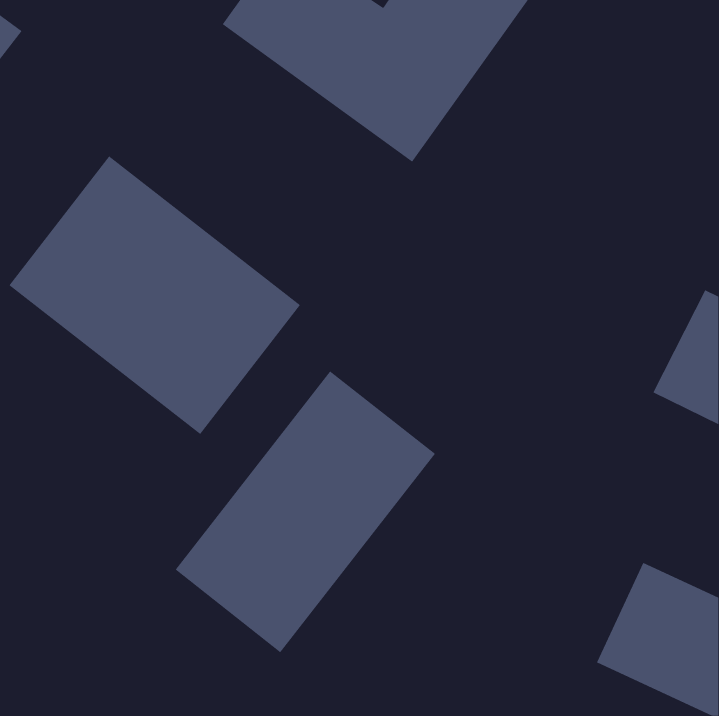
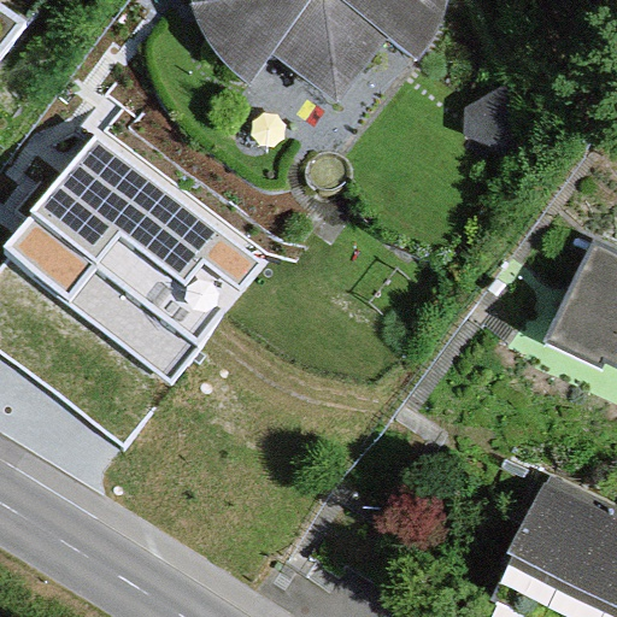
building: [175,370,436,653] -> none

